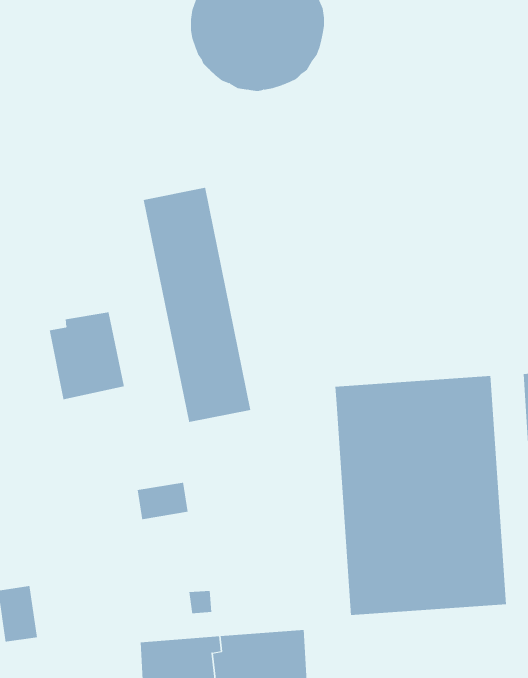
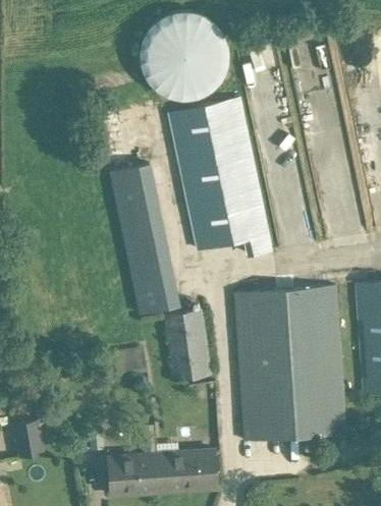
building: none -> [168,93,273,259]
building: [49,311,124,400] -> none
building: none -> [164,310,212,381]

